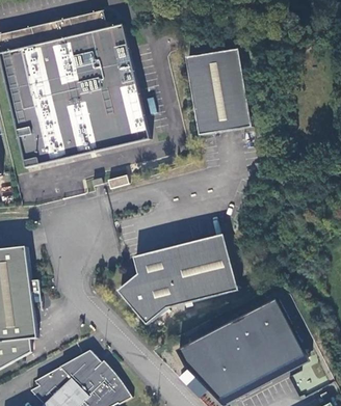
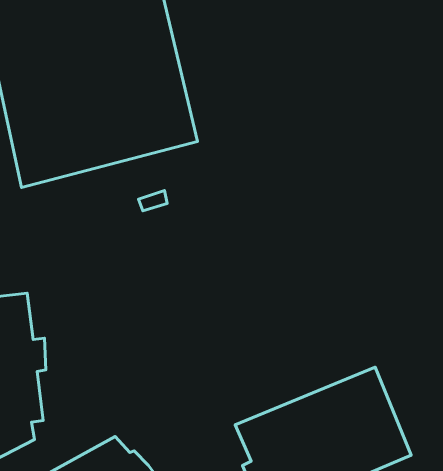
building: [186,48,251,134] -> none
building: [119,233,237,324] -> none

